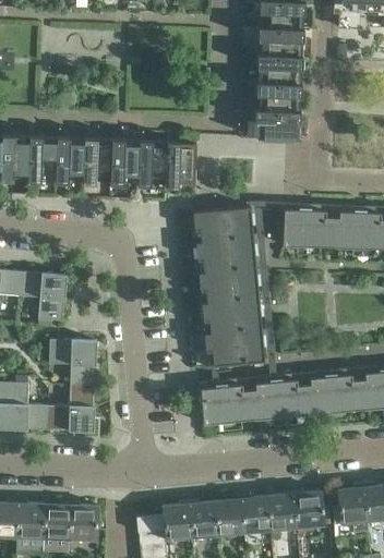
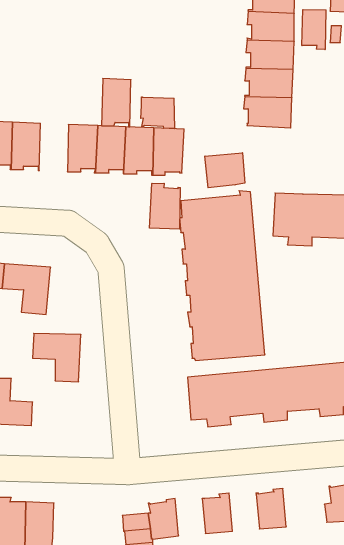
building: none -> [302,10,326,50]
building: none -> [141,97,174,129]
building: [55,137,83,184] -> [102,79,131,127]
building: none -> [205,153,245,188]
building: none -> [150,183,180,229]
building: [47,387,93,432] -> none
building: [291,490,329,529] -> none
building: [239,495,268,533] -> none
building: [187,500,216,537] -> none
building: [68,501,96,541] -> none

